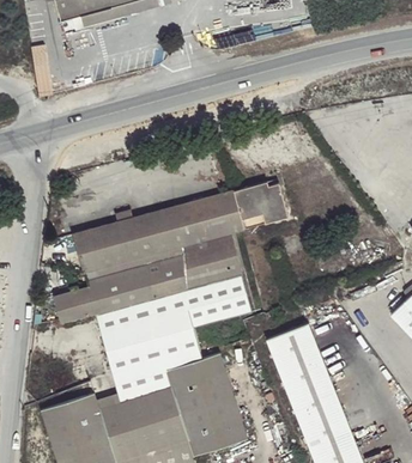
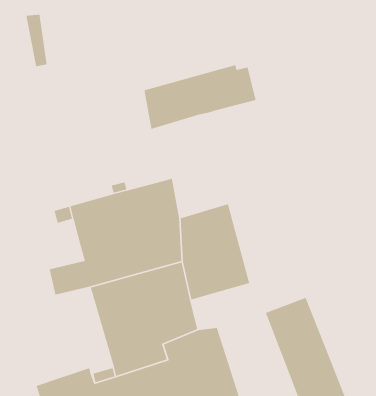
building: [176,181,287,245] -> [144,64,257,130]

